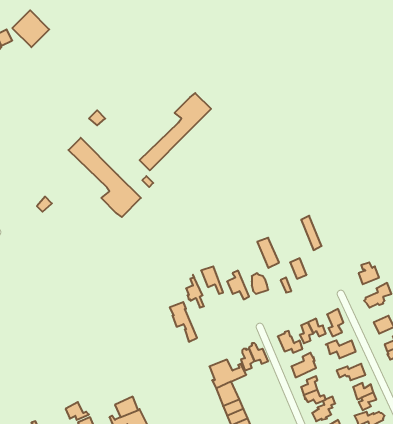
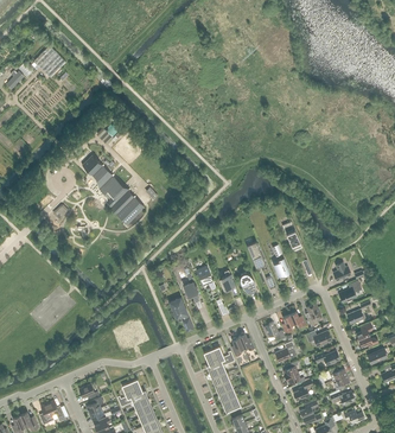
building: [140,93,211,170] -> none

